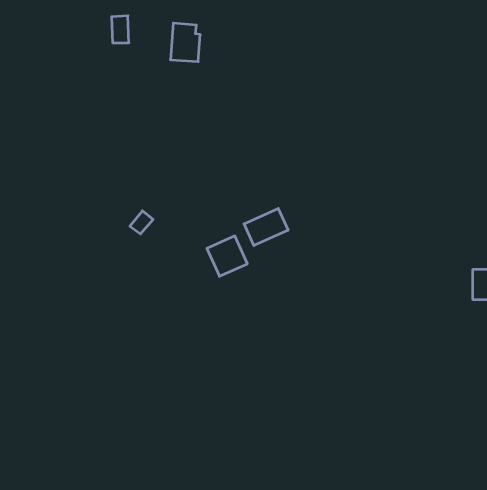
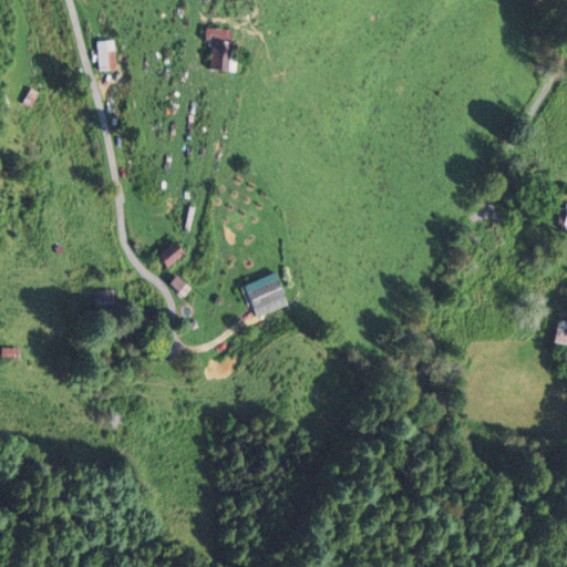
building: [112,16,129,43] -> [100,39,120,70]
building: [244,208,288,246] -> none

